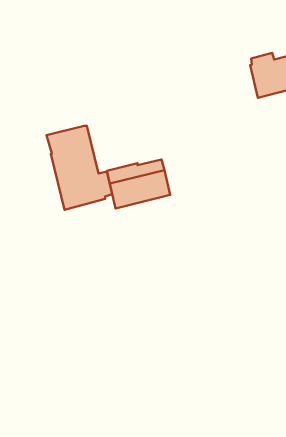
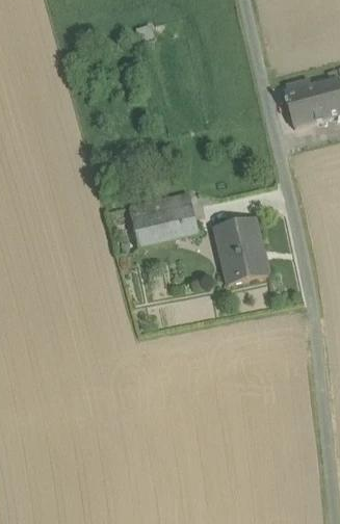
building: [47,126,112,210] -> none
building: none -> [218,217,267,283]

